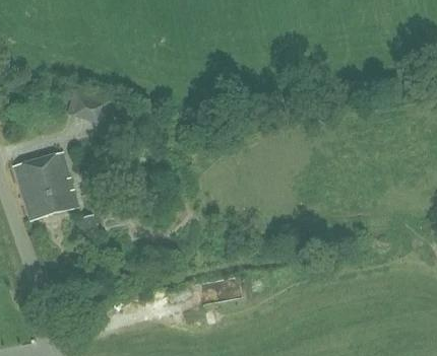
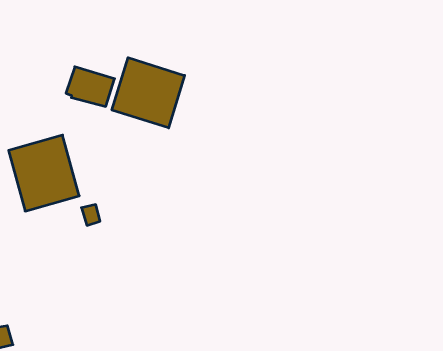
building: none -> [112,58,185,128]

